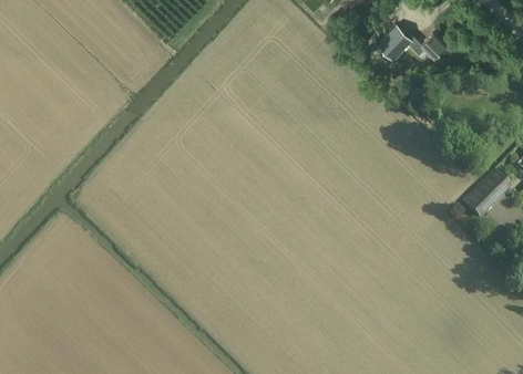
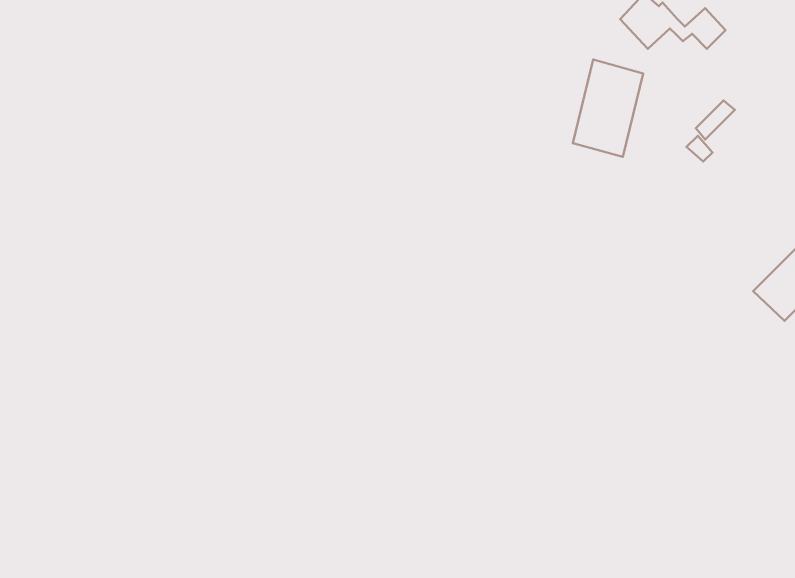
building: none -> [573,60,643,157]

